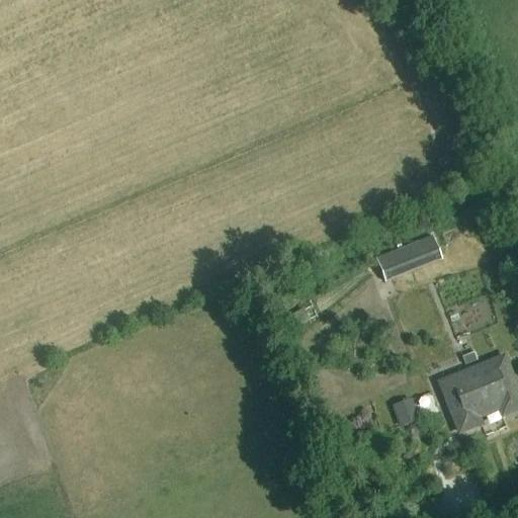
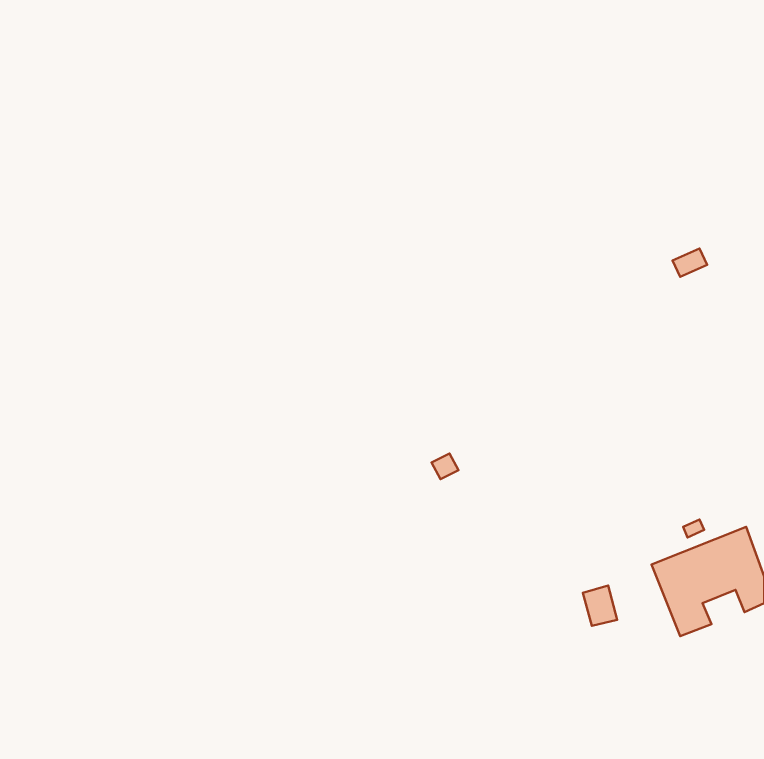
building: [376,237,443,281] -> none

